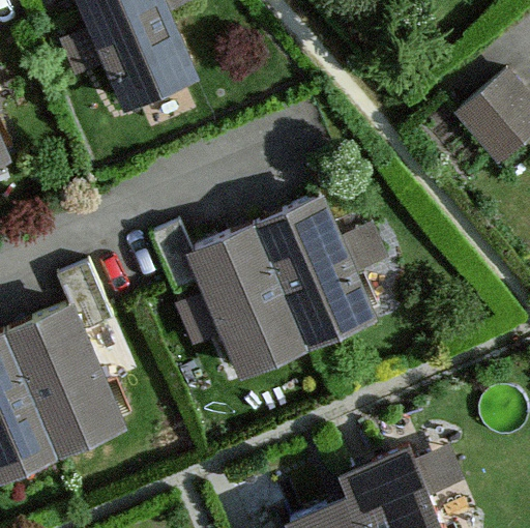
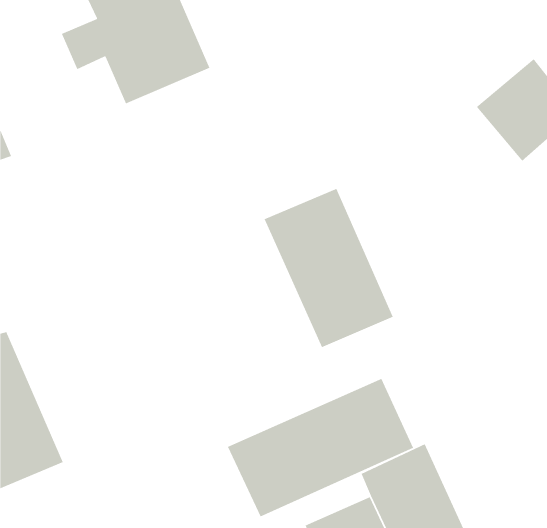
building: [180,223,310,380] -> none
building: [7,301,130,457] -> none
building: none -> [227,378,414,518]

